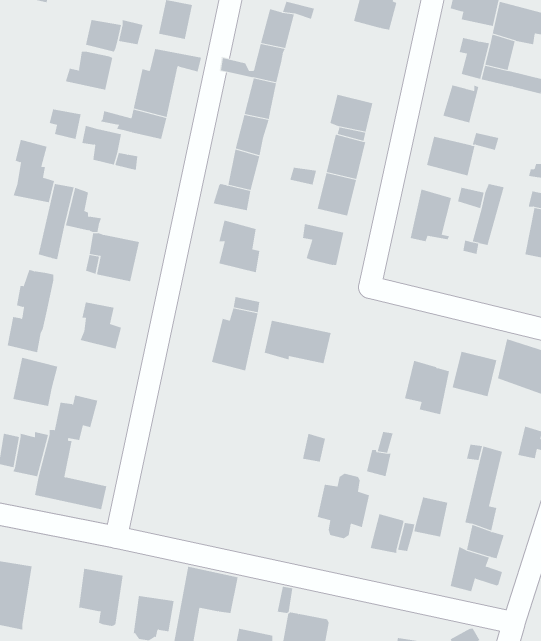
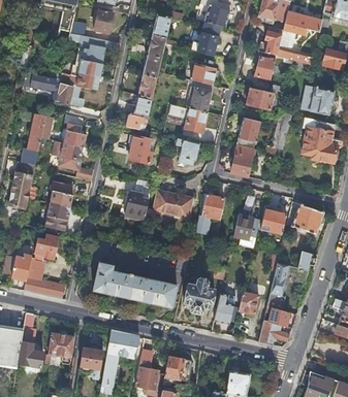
building: none -> [191,23,220,57]
building: [65,51,113,91] -> none
building: [13,139,55,203] -> [63,111,87,147]
building: none -> [230,145,253,177]
building: none -> [195,194,223,234]
building: [12,357,58,406] -> [44,203,70,231]
building: none -> [93,263,177,307]
building: none -> [18,312,43,367]

